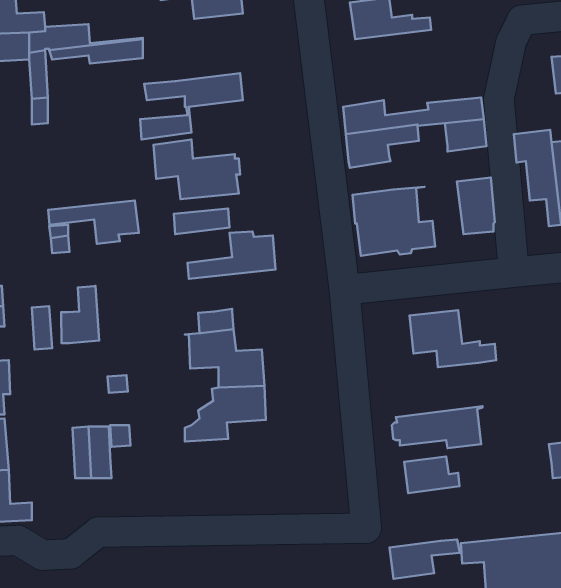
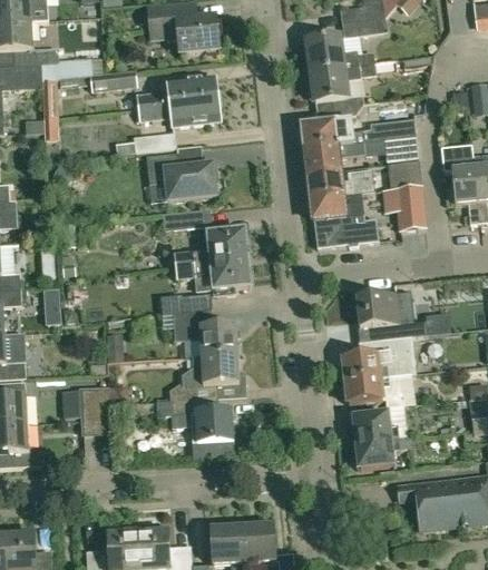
building: none -> [309,62,374,116]
building: none -> [136,76,216,107]
building: none -> [388,159,422,188]
building: none -> [306,170,368,198]
building: [48,200,139,244] -> [174,259,248,295]
building: [61,286,99,343] -> none
building: none -> [338,336,416,381]
building: none -> [170,399,231,443]
building: [389,539,460,579] -> [354,436,412,469]

